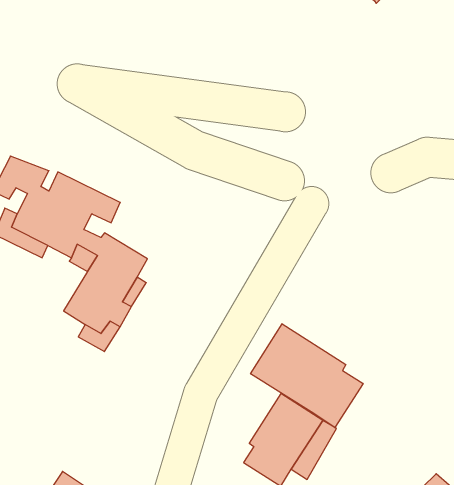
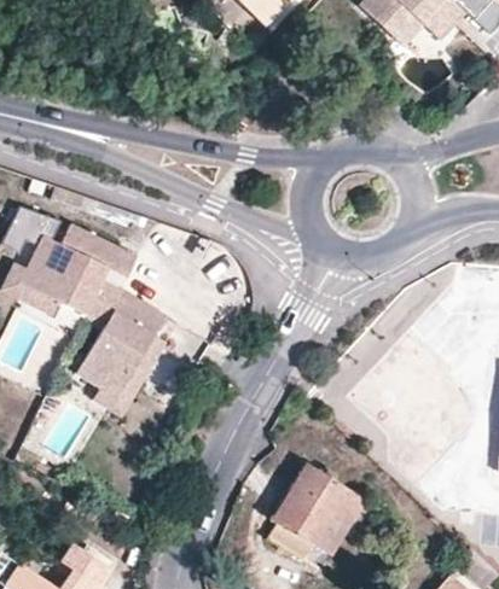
building: [251,324,363,428] -> none

